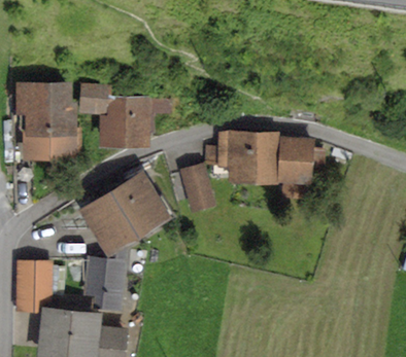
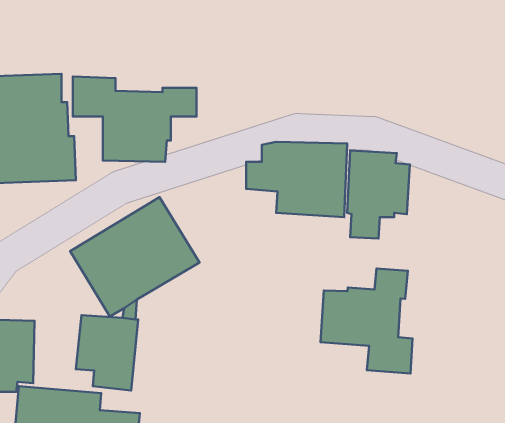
building: [179,165,215,215] -> none
building: none -> [320,268,412,374]

